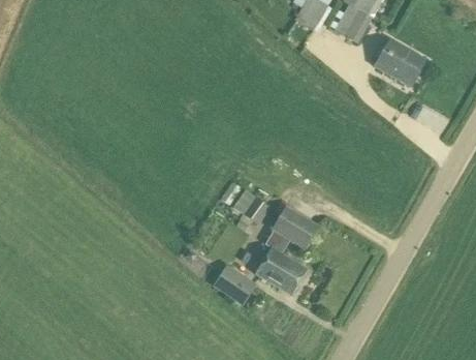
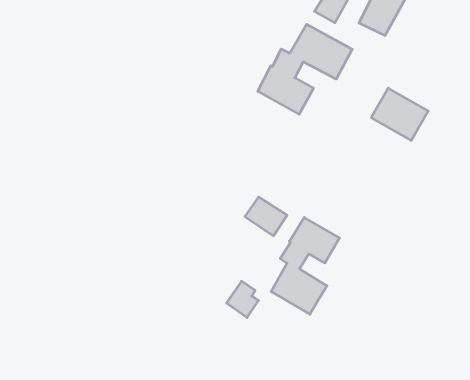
building: none -> [258,24,352,114]
building: [374,38,425,86] -> [371,88,428,140]

